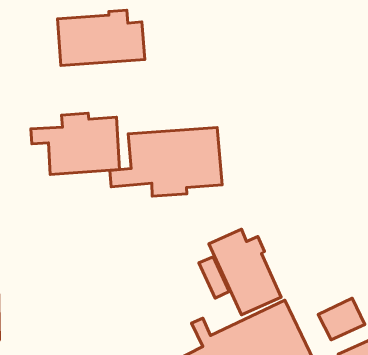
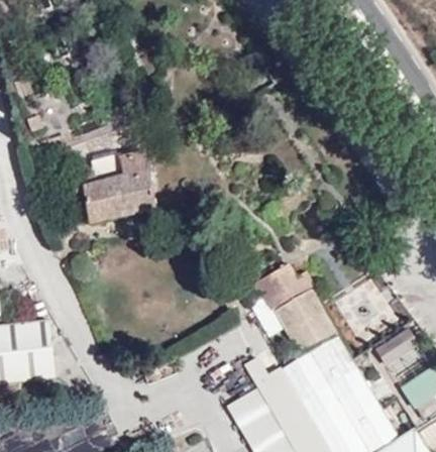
building: [57,10,145,65] -> none
building: [110,127,222,196] -> none

